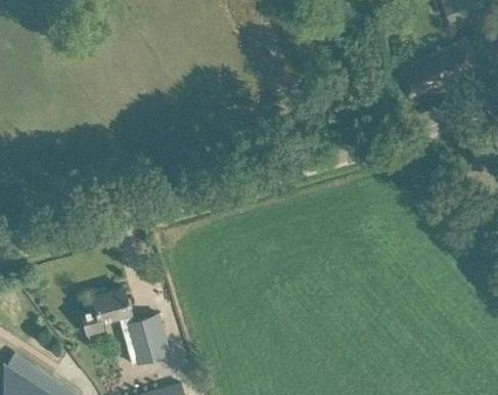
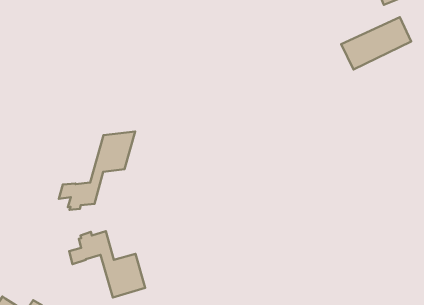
building: none -> [59,131,135,210]

